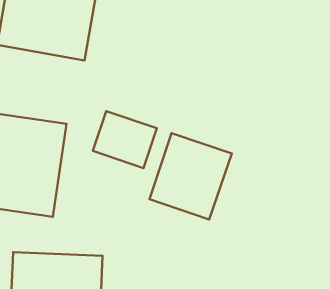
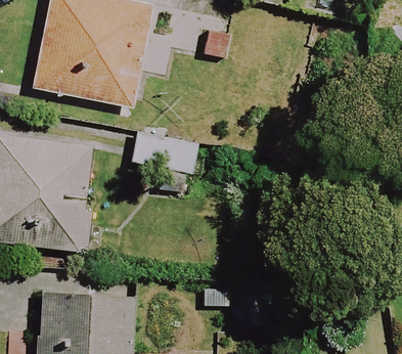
building: [150,133,232,219] -> none

